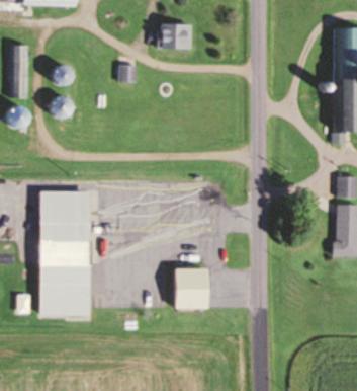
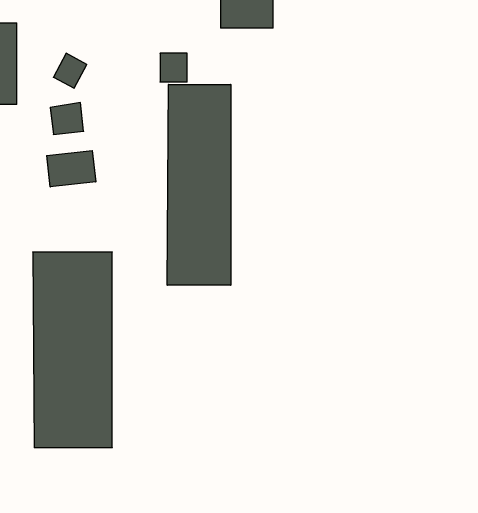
building: none -> [167,84,231,285]
building: none -> [47,151,96,187]
building: [174,269,205,308] -> none

